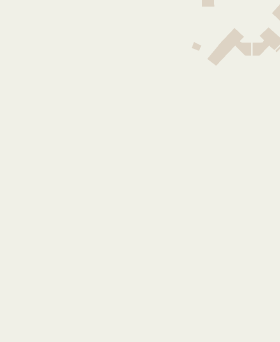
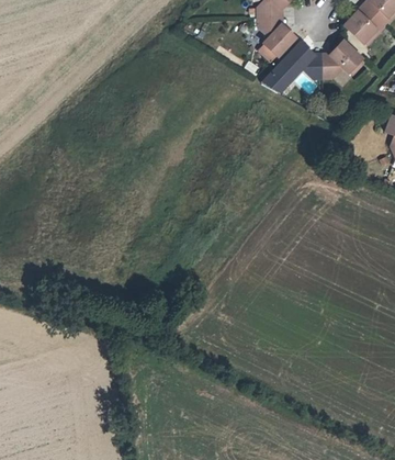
building: none -> [257,16,294,63]

